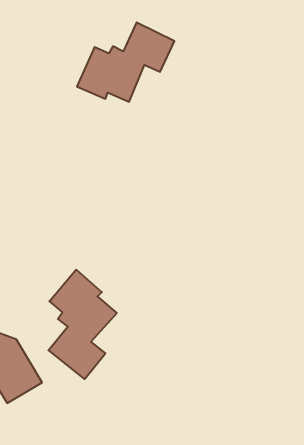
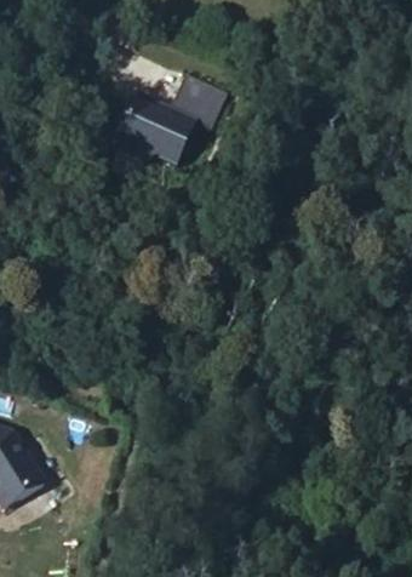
building: [48,270,117,379] -> none

